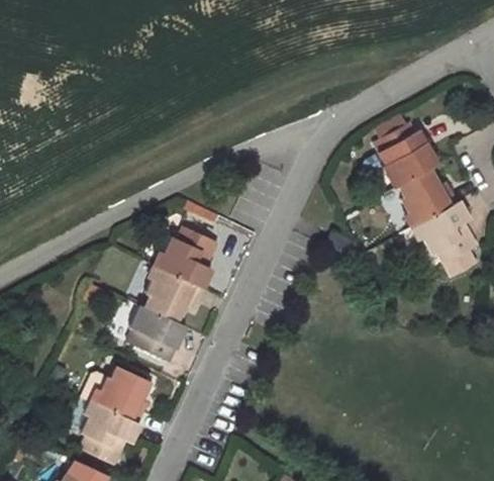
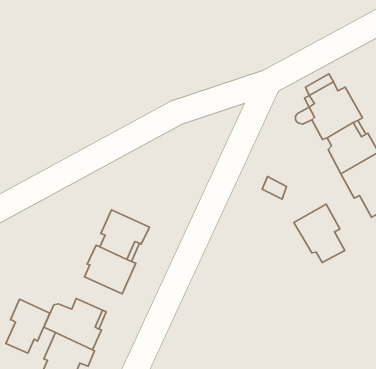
building: [159,225,216,287] -> none
building: none -> [294,204,345,263]
building: none -> [6,299,50,353]

